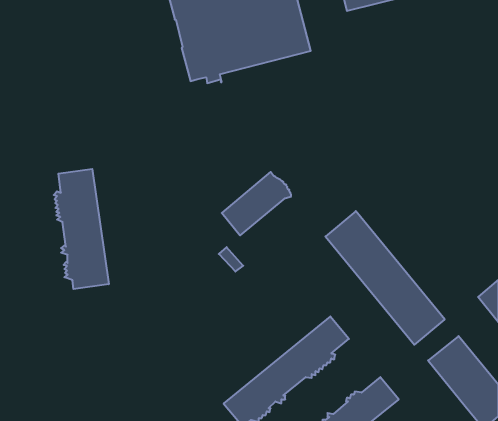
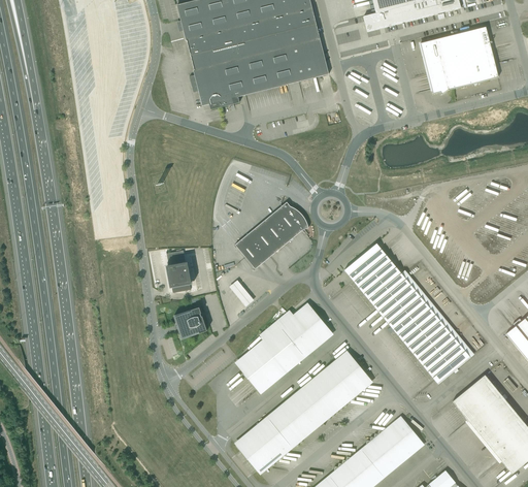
building: none -> [425,27,498,94]
building: [54,169,109,289] -> none
building: none -> [166,250,192,292]
building: none -> [174,306,207,338]
building: none -> [238,306,330,390]

